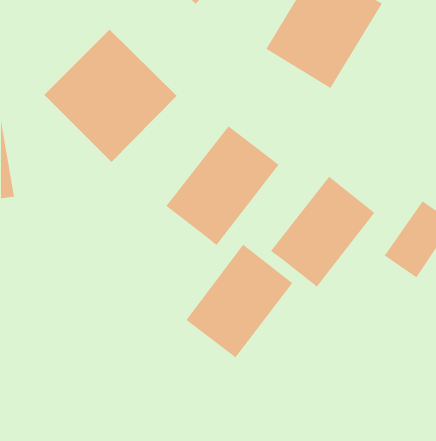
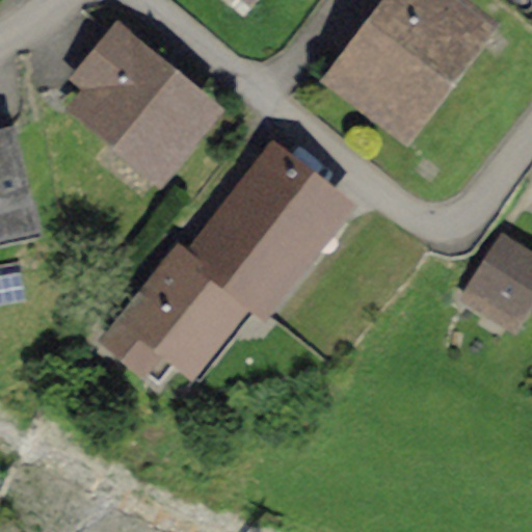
building: [270,176,375,288] -> none
building: [185,244,293,358] -> [125,234,254,370]

